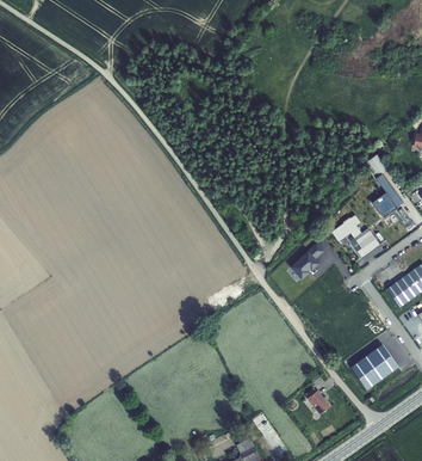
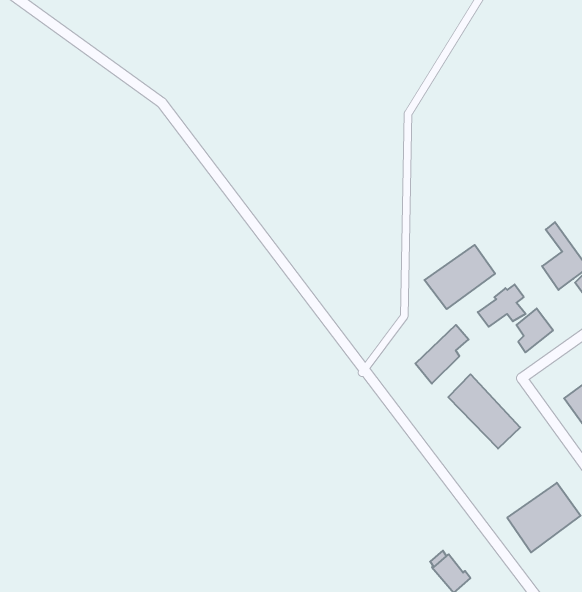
building: none -> [424,245,495,309]
building: none -> [448,374,520,449]

